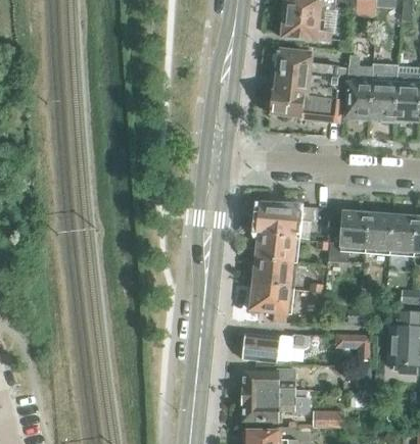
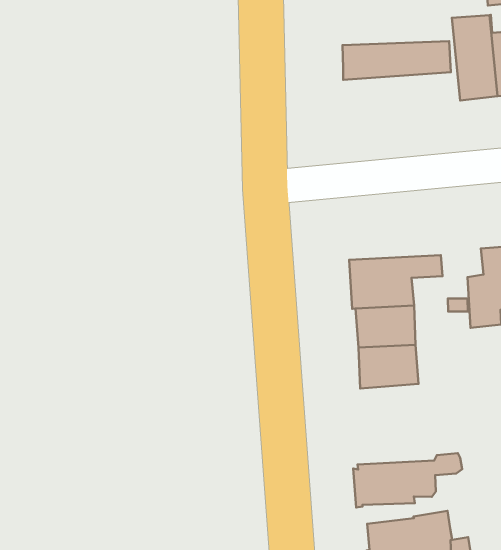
building: [278,49,345,80] -> none
building: [270,92,342,121] -> none
building: [252,286,291,314] -> none

